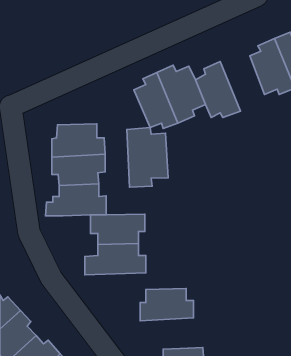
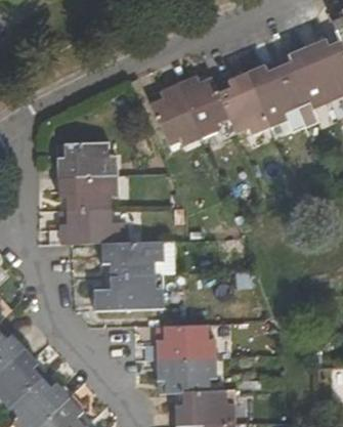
building: none -> [246,65,295,127]
building: [127,128,168,187] -> none
building: none -> [157,357,217,392]

